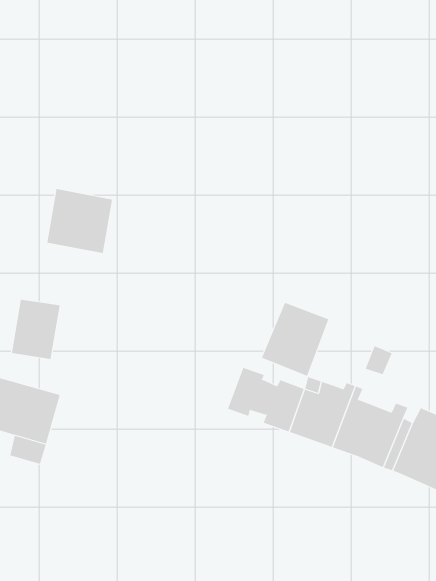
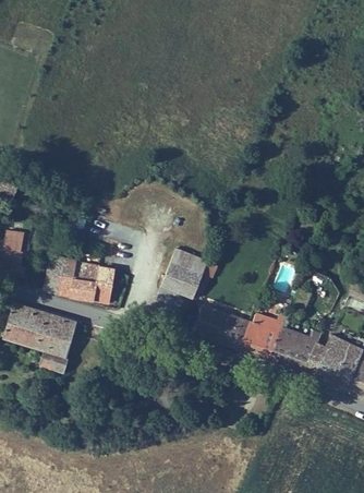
building: [46,189,113,254] -> [69,258,116,304]
building: [261,302,329,376] -> [161,243,209,296]

